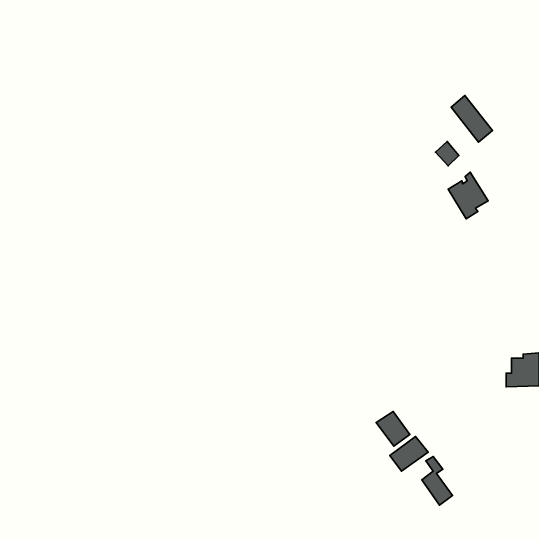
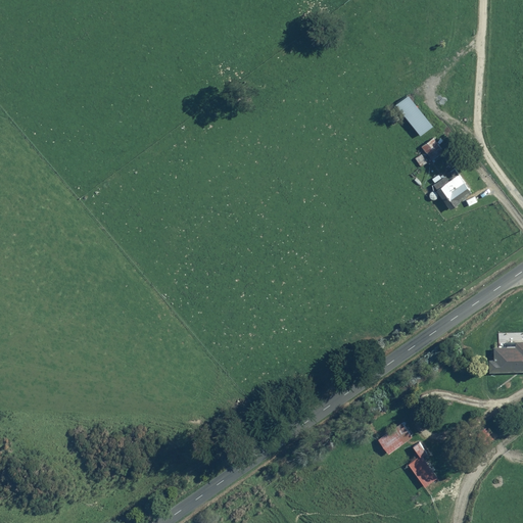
building: [451,96,492,142] -> [394,92,434,137]
building: [376,411,410,446] -> none

